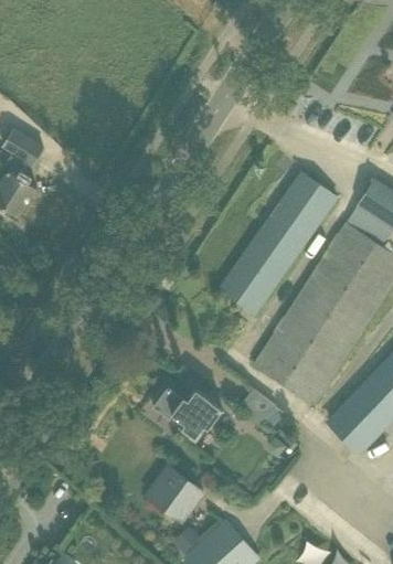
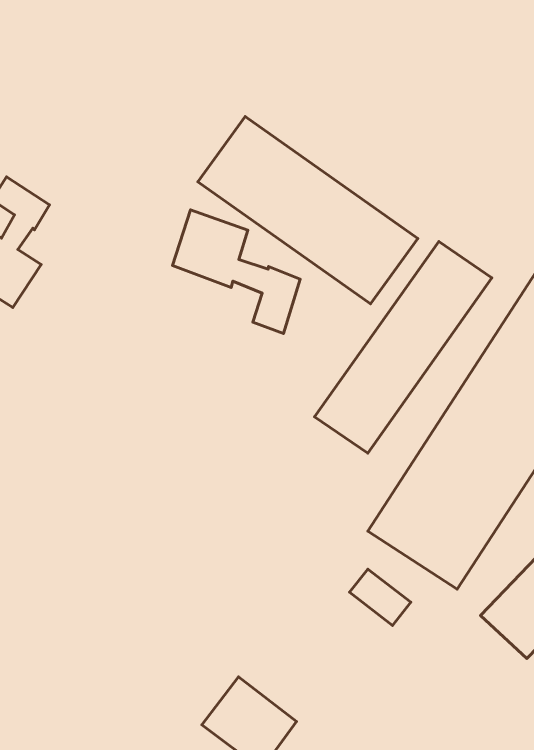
building: none -> [198,116,418,304]
building: none -> [172,210,300,333]
building: [153,387,222,441] -> none

